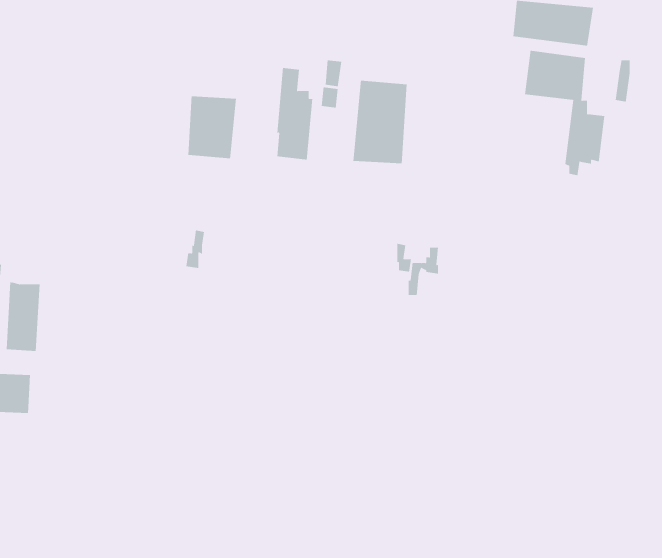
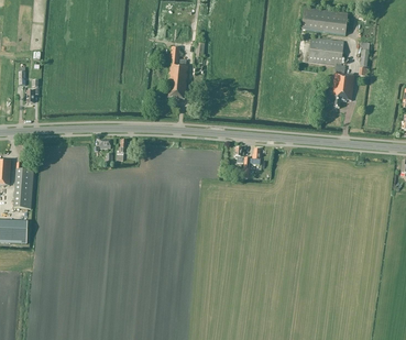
building: [353,80,407,164] -> none
building: [188,96,236,159] -> none

